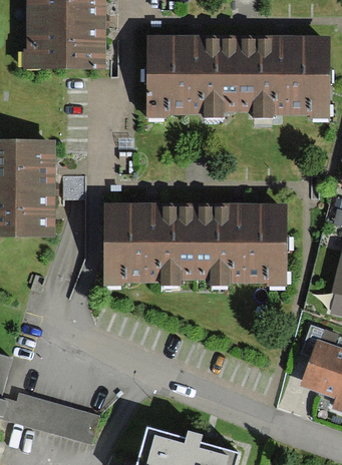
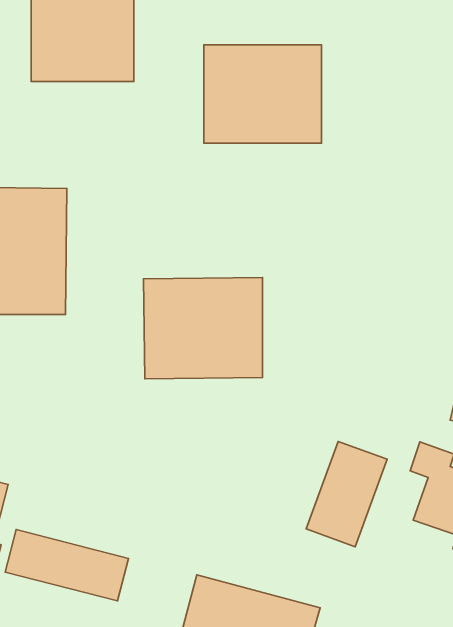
building: [239,37,325,110] -> none
building: [196,207,285,281] -> none
building: none -> [306,441,387,547]

